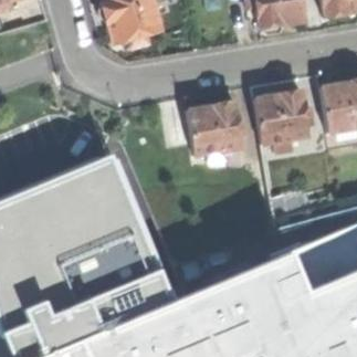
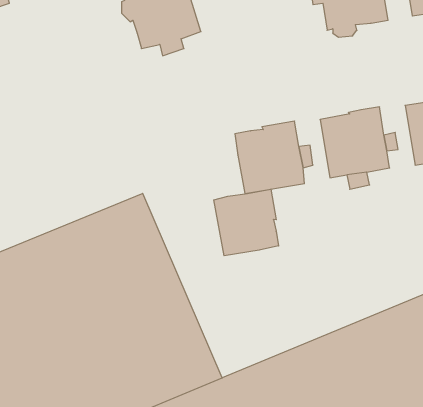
building: none -> [214,189,279,256]

